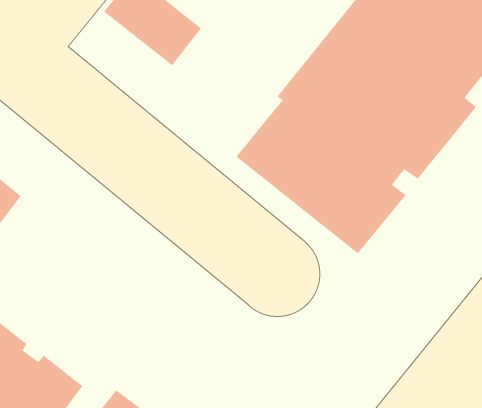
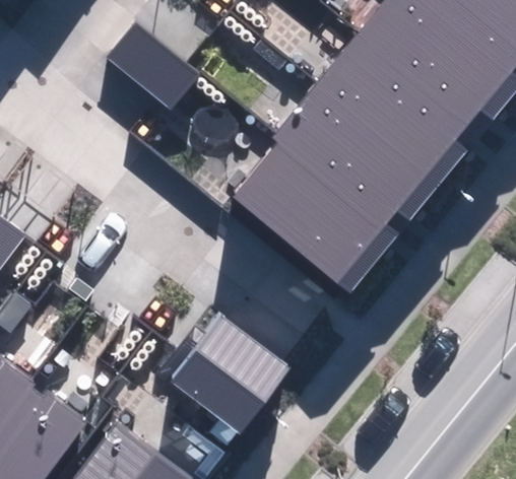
building: none -> [171,315,292,434]

